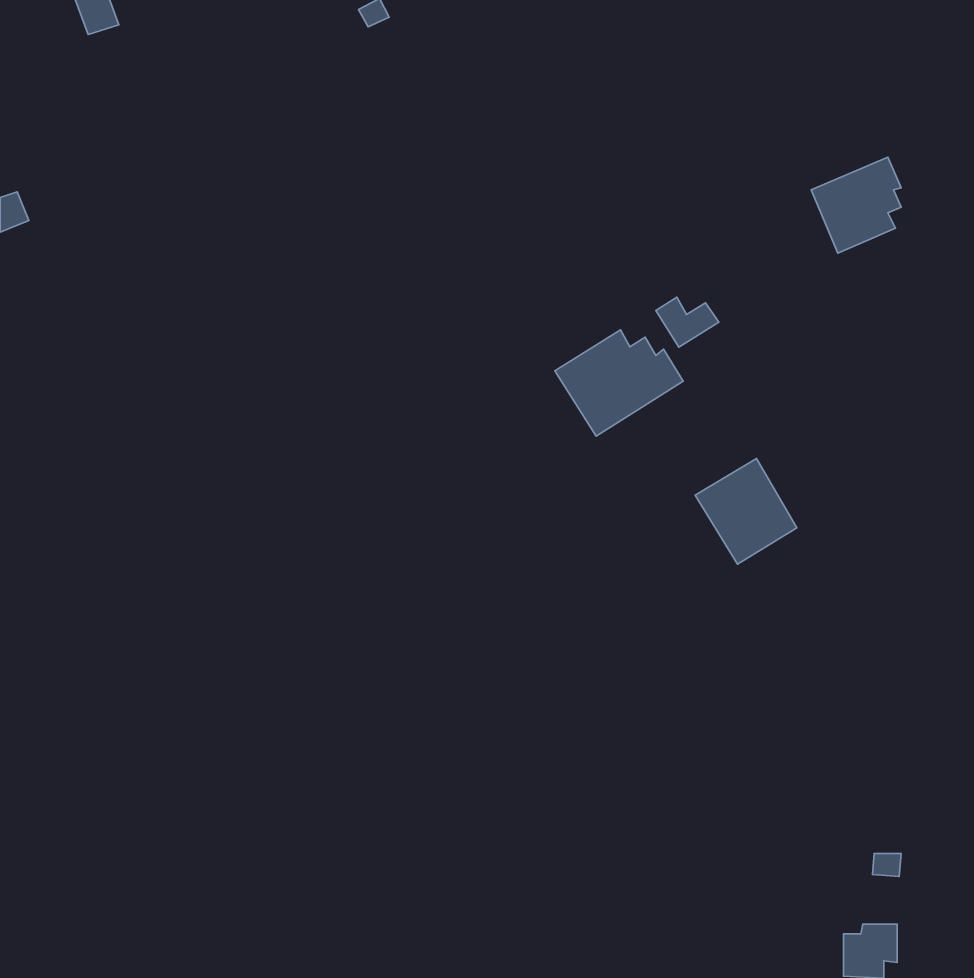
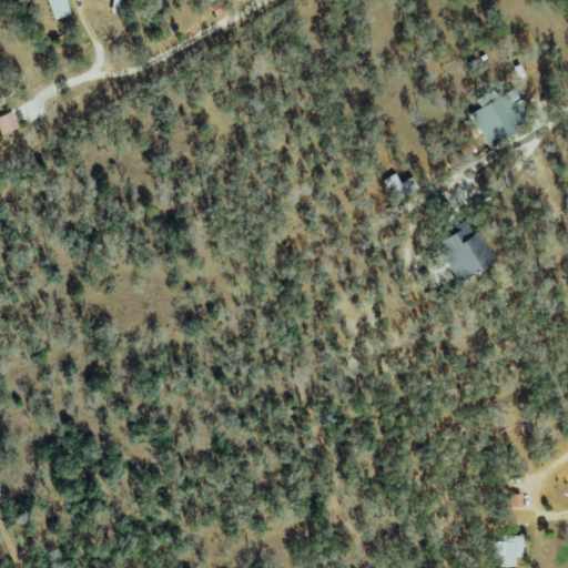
building: [555,330,683,436] -> none
building: [695,459,797,564] -> [436,222,495,283]

